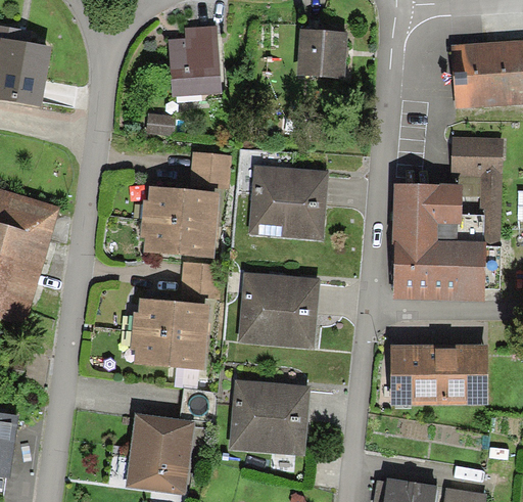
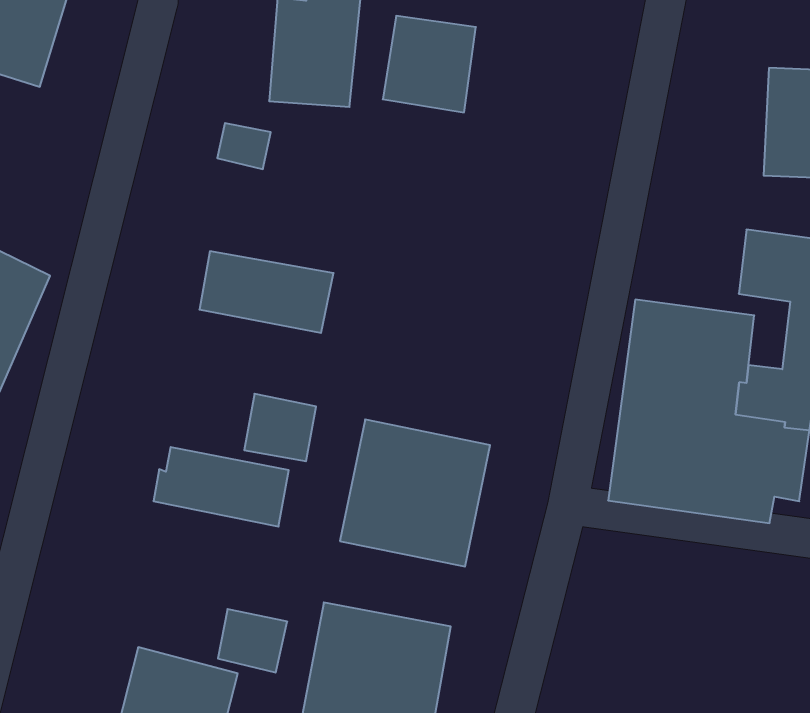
building: [298,31,346,81] -> [383,16,476,112]
building: [188,152,229,188] -> none
building: [248,165,328,237] -> none
building: [144,220,217,260] -> none
building: [131,331,205,372] -> none
building: [391,333,486,398] -> none

